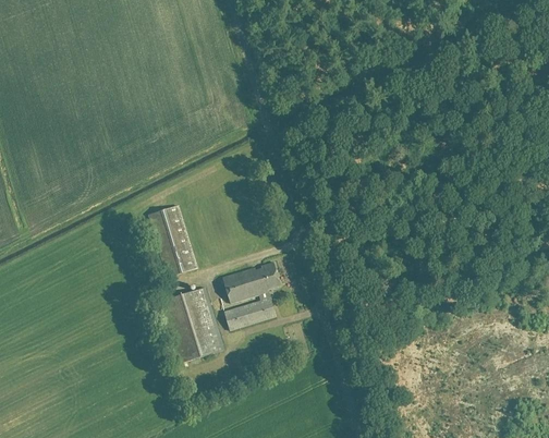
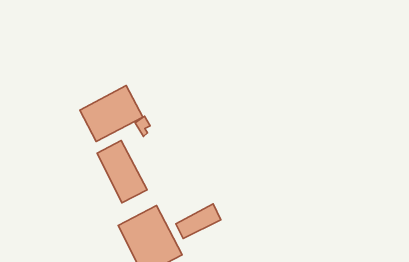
building: none -> [80,85,143,142]
building: [221,261,280,303] -> none

